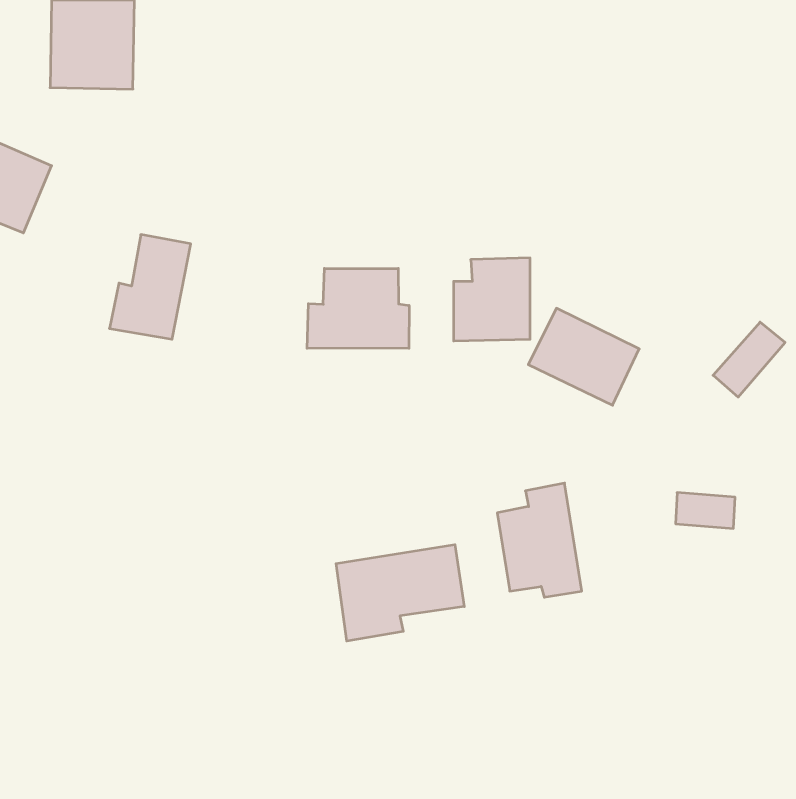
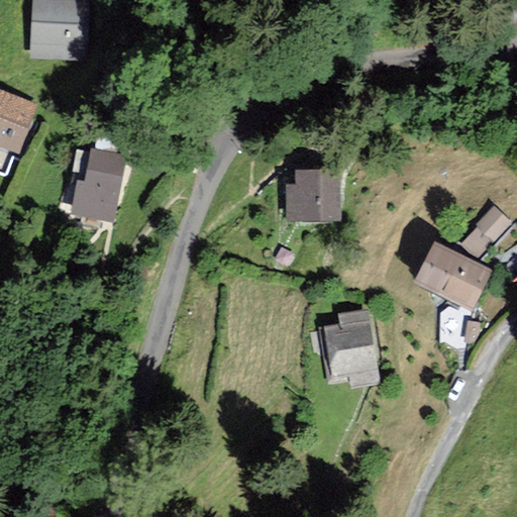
building: [307,268,409,348] -> none
building: [528,308,639,405] -> [415,244,487,307]
building: [336,545,464,641] -> none

